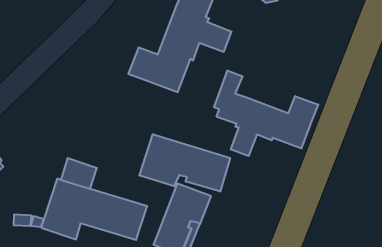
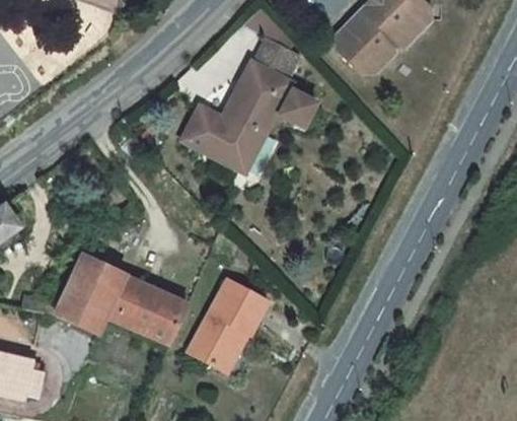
building: [214,70,318,156] -> none
building: [139,134,230,192] -> none

